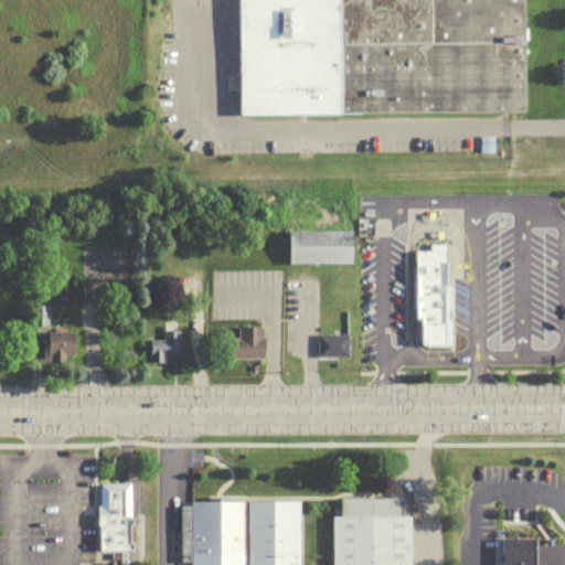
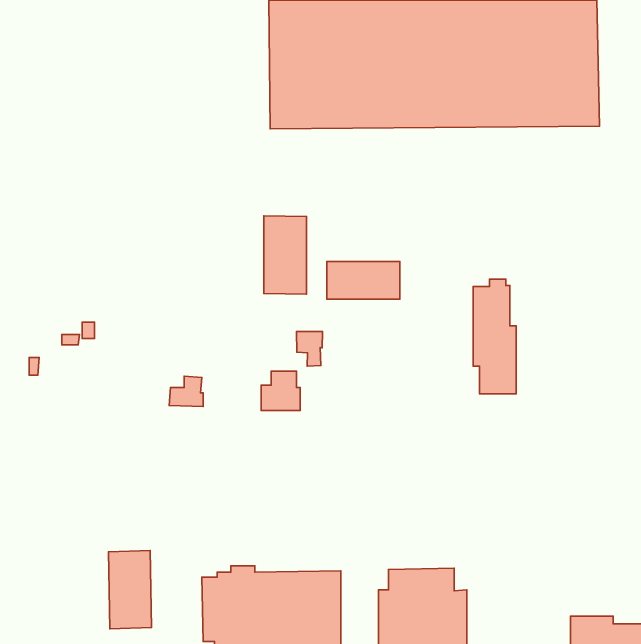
building: none -> [264,216,306,294]
building: none -> [296,331,323,366]
building: [44,330,74,361] -> none
building: [319,332,350,356] -> none

